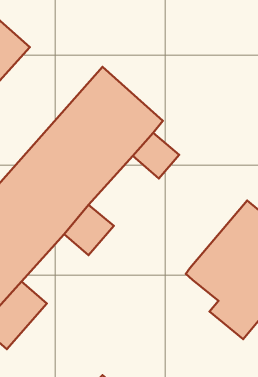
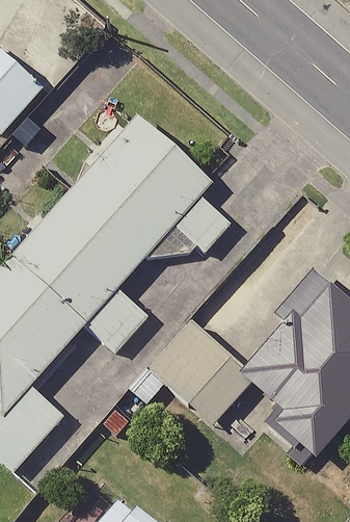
building: none -> [149,319,250,425]

